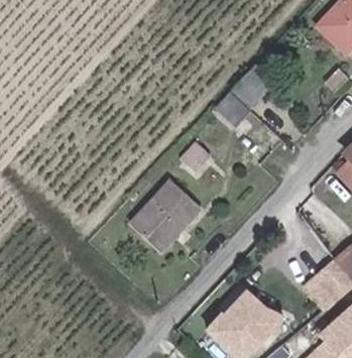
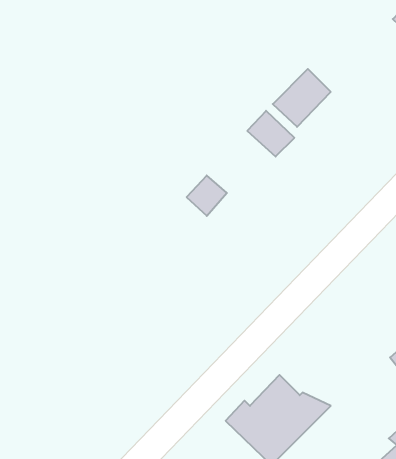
building: [129,180,201,251] -> none

